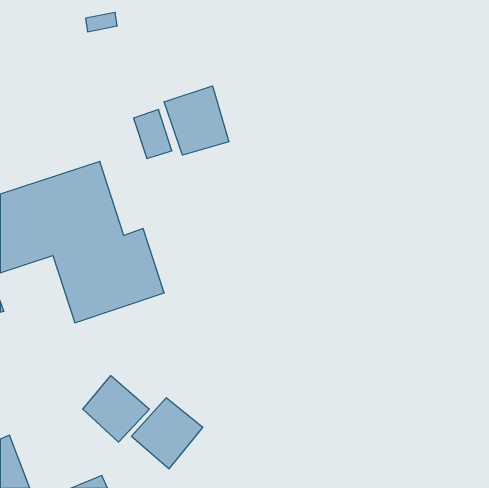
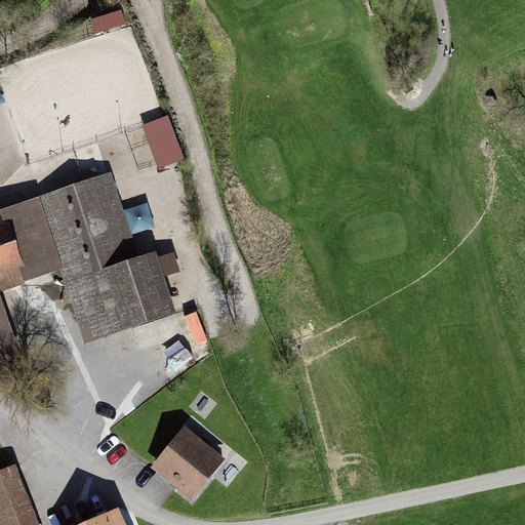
building: [164,86,229,155] -> none
building: [83,376,149,442] -> none

